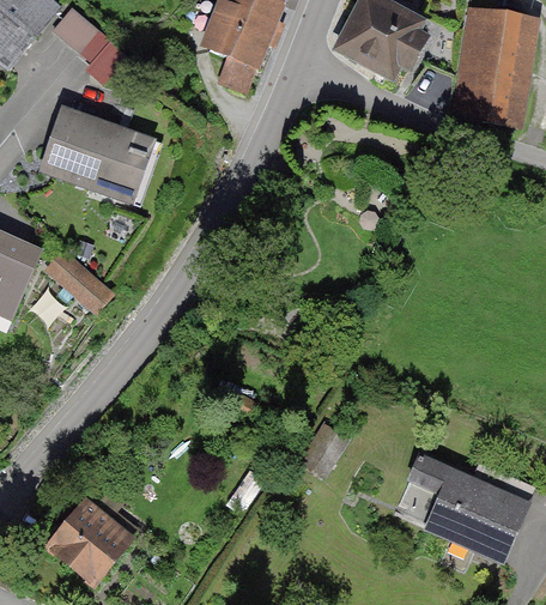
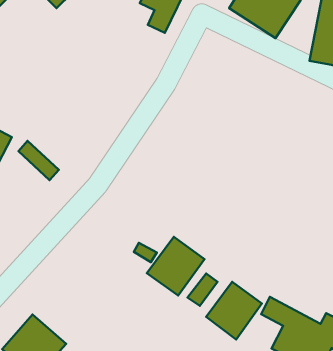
building: [43,105,152,196] -> none
building: none -> [147,237,204,295]
building: none -> [206,282,262,339]

